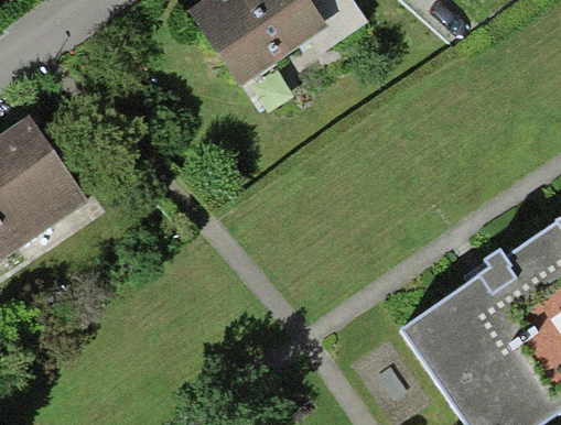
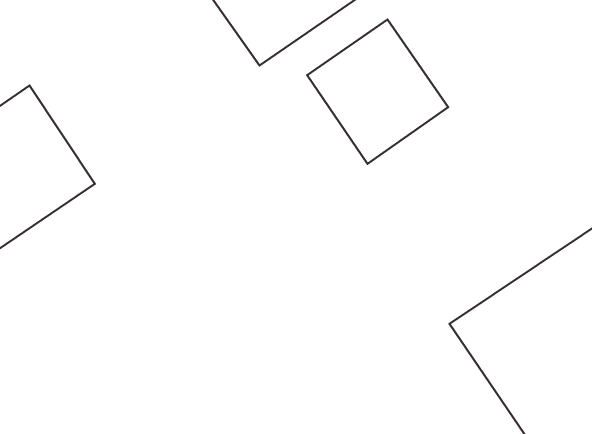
building: none -> [307,20,448,164]

